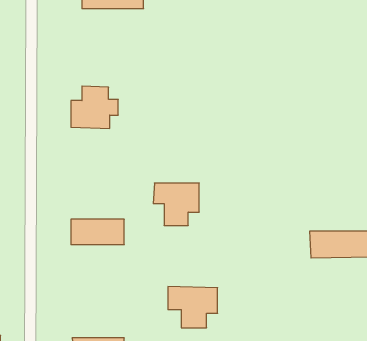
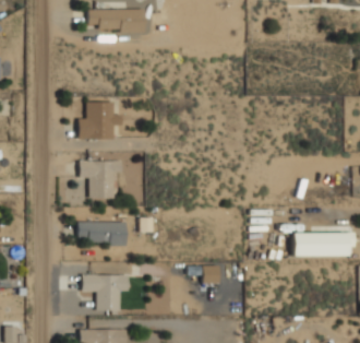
building: [153,183,199,225] -> [80,161,121,199]
building: [168,287,218,328] -> [83,274,128,311]

